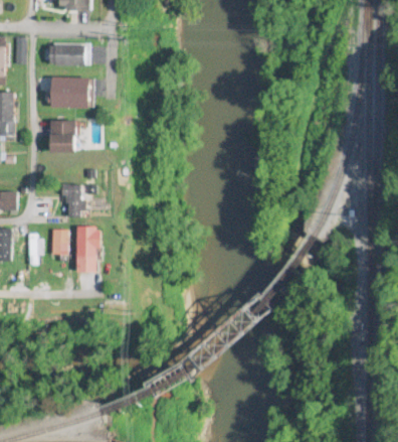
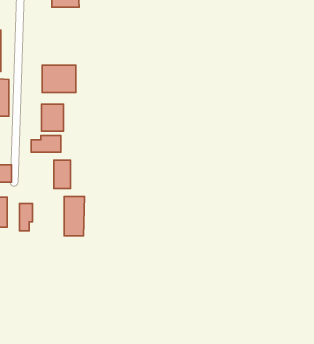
building: [48,44,85,64] -> none
building: none -> [31,135,61,152]
building: [49,229,66,257] -> none

